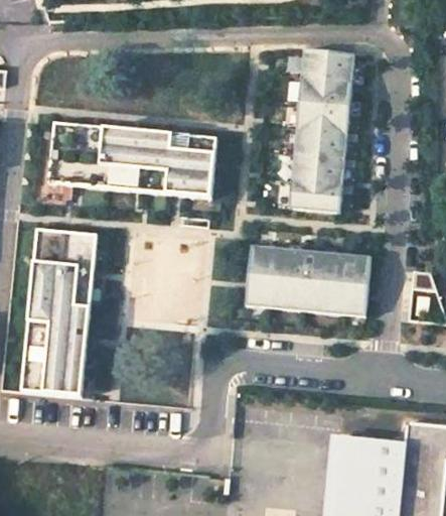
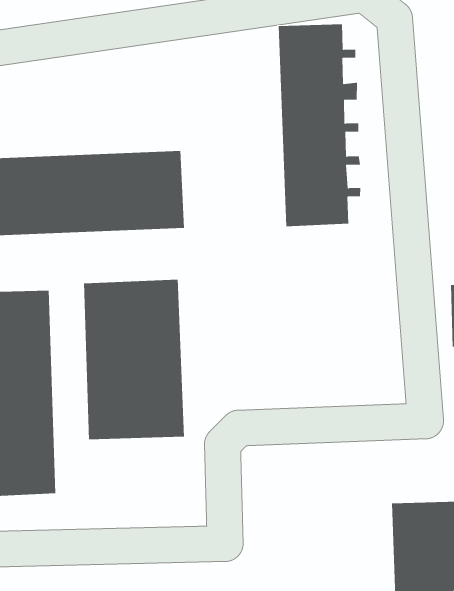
building: none -> [84,279,185,440]
building: [246,245,370,315] -> none

